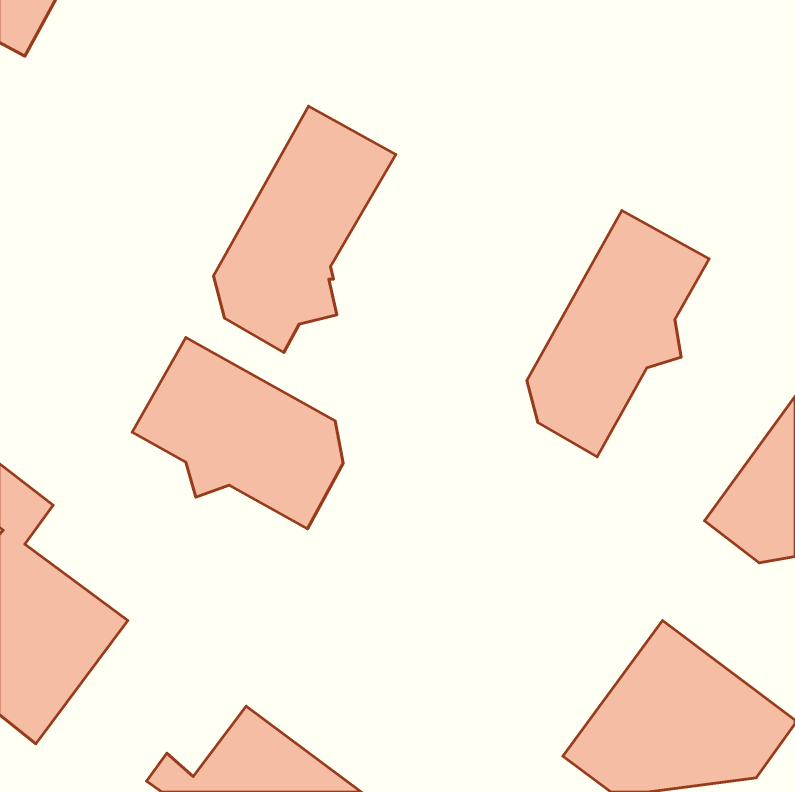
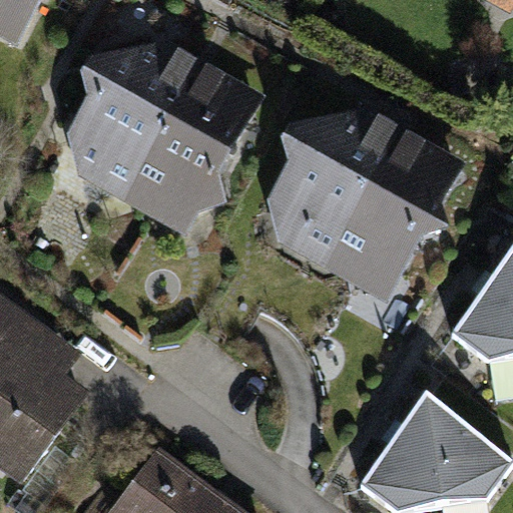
building: none -> [74,49,198,204]
building: none -> [276,116,400,272]
building: [132,337,343,529] -> none

